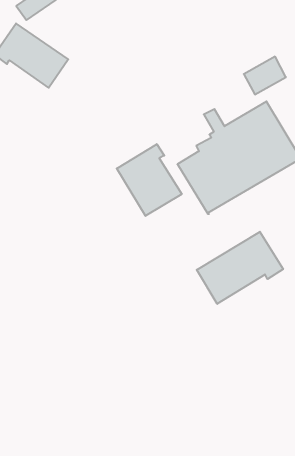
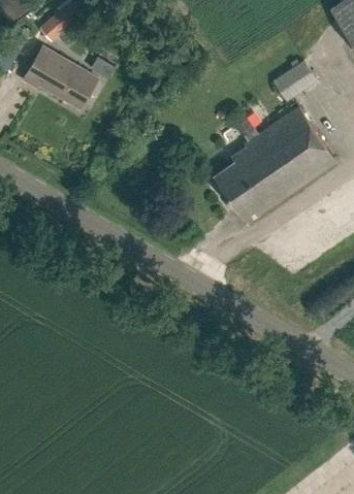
building: [117,144,182,216] -> none
building: [197,232,283,304] -> none

